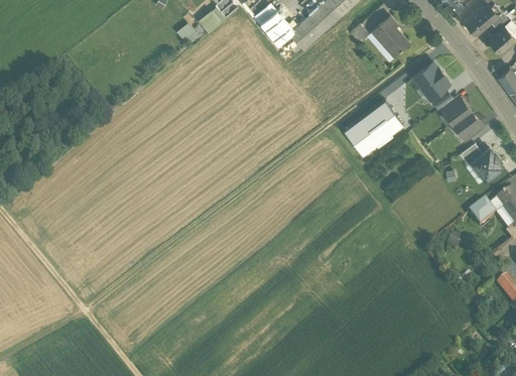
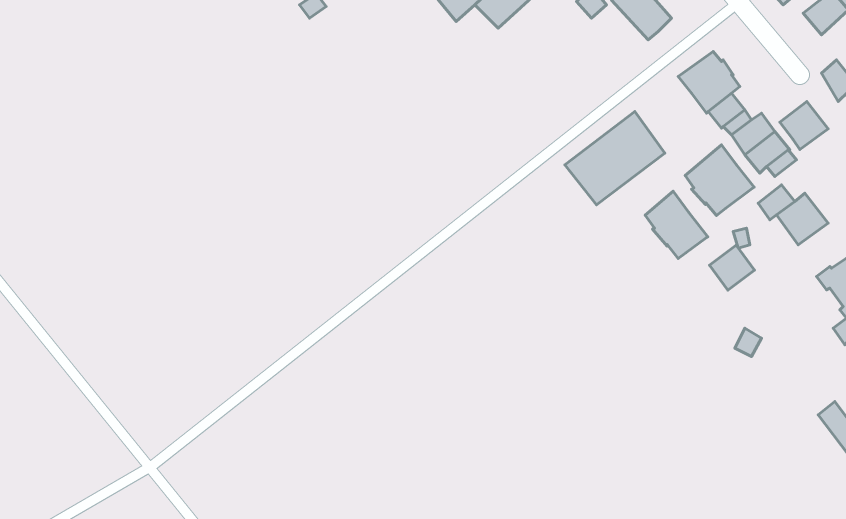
building: none -> [780,101,828,150]
building: none -> [685,145,754,215]
building: none -> [645,191,708,258]
building: [468,198,495,225] -> [709,245,754,290]

